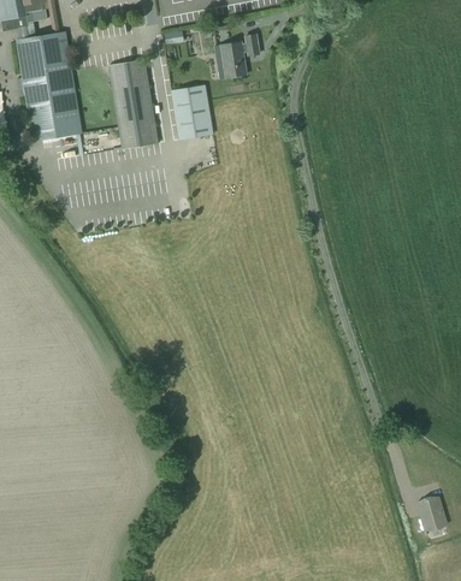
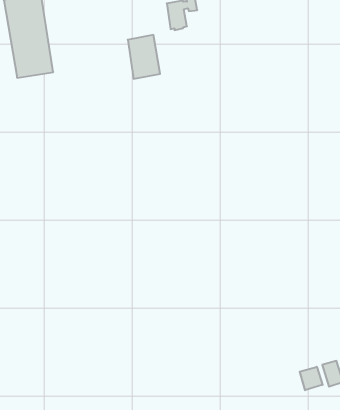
building: [110,59,159,148] -> none
building: none -> [300,367,323,390]

